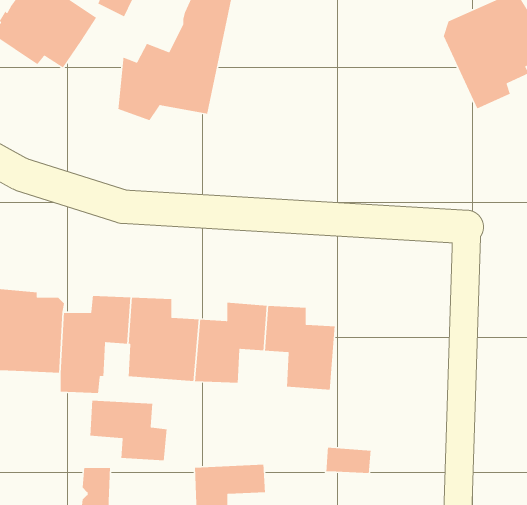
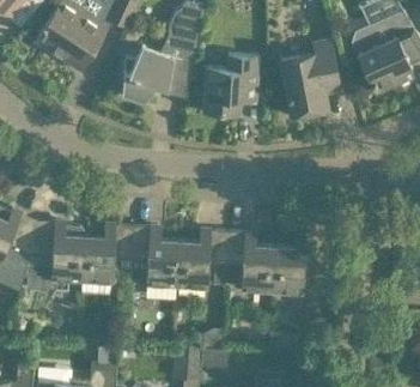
building: none -> [280,41,340,119]
building: none -> [202,54,258,115]
building: none -> [272,235,309,292]
building: [89,400,167,461] -> none

